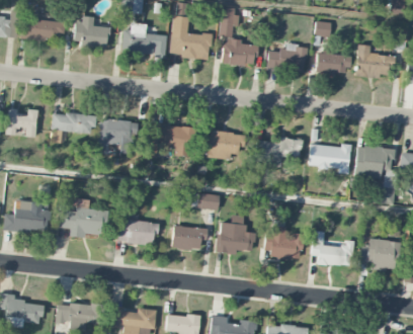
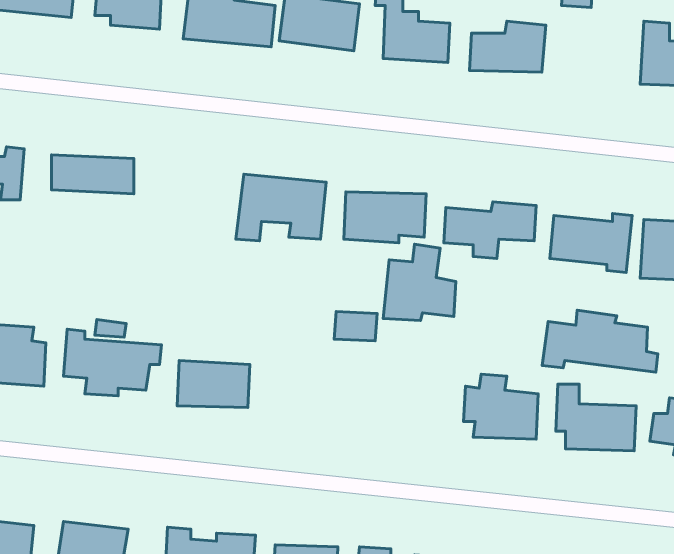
building: [316,53,349,74] -> none
building: [97,118,136,154] -> none
building: none -> [542,310,658,372]
building: [217,214,254,253] -> [383,244,456,321]
building: [171,224,206,251] -> none

